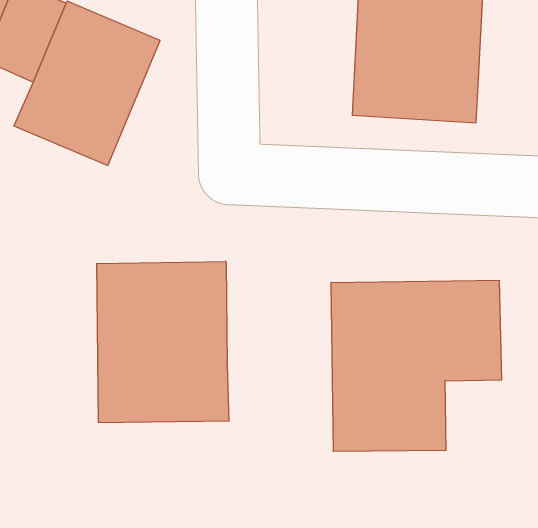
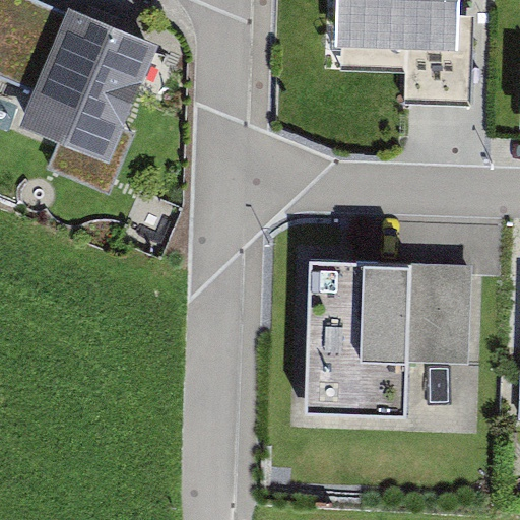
building: [97,261,229,423] -> none

